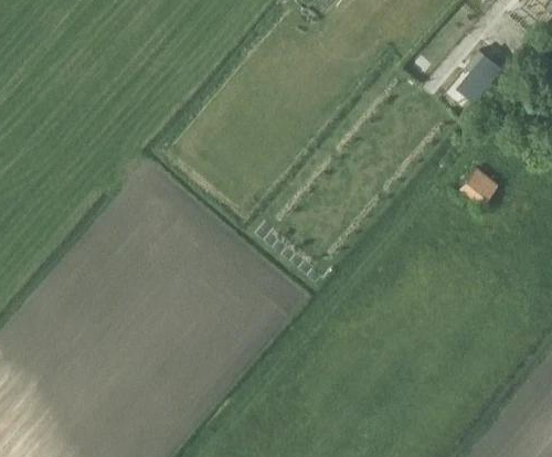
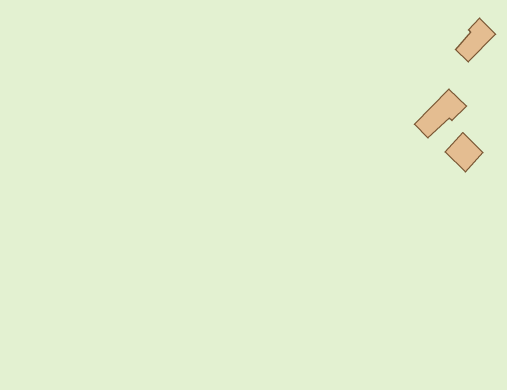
building: none -> [414,89,467,138]

